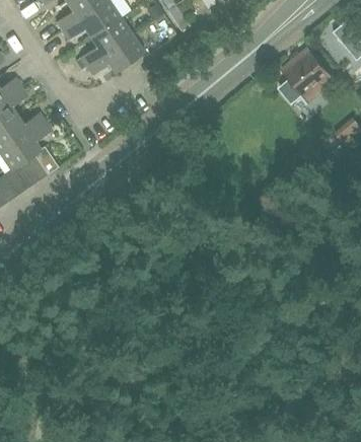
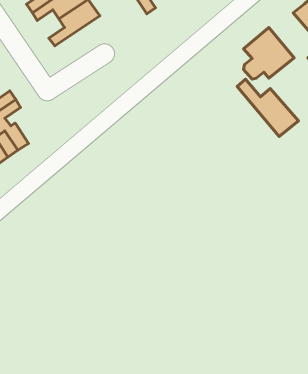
building: [86,34,144,75] -> none
building: none -> [237,79,298,137]

